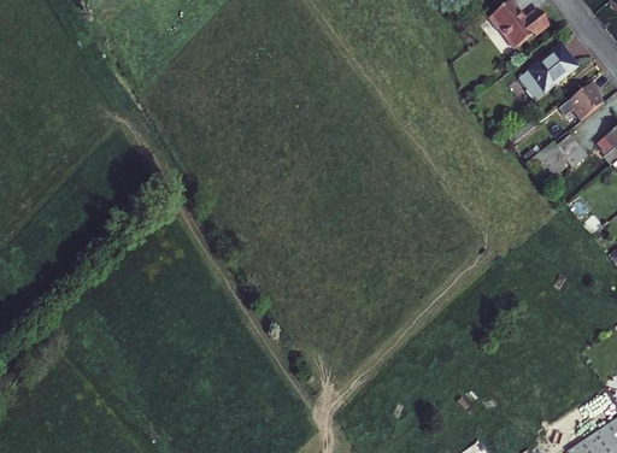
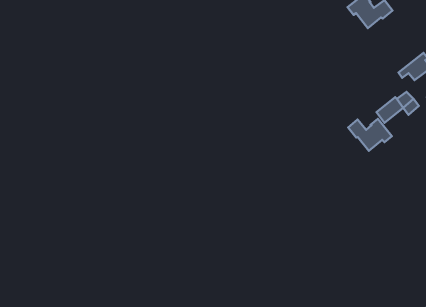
building: [518,45,576,99] -> none
building: none -> [348,119,392,151]

